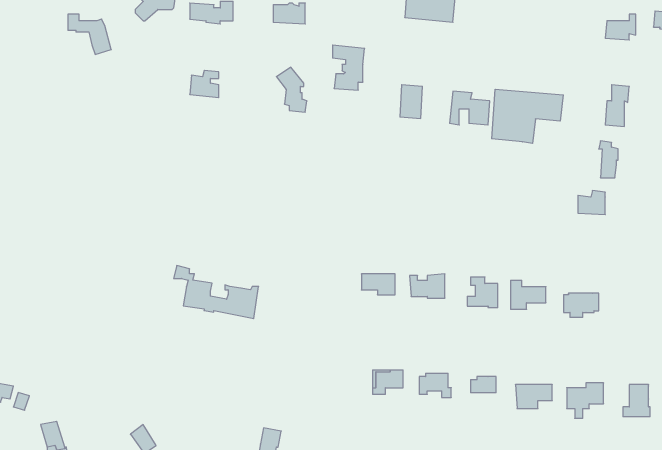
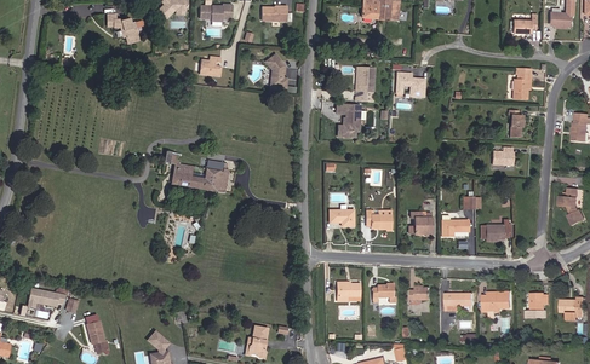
building: [333,45,365,90] -> [336,103,360,137]
building: [492,89,563,143] -> none
building: [174,266,259,319] -> [164,152,228,192]

